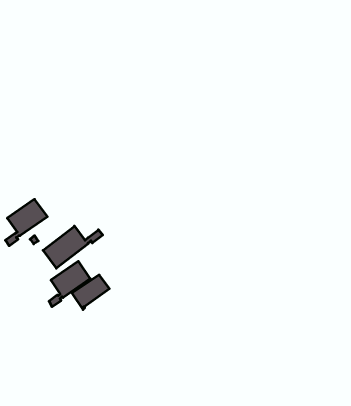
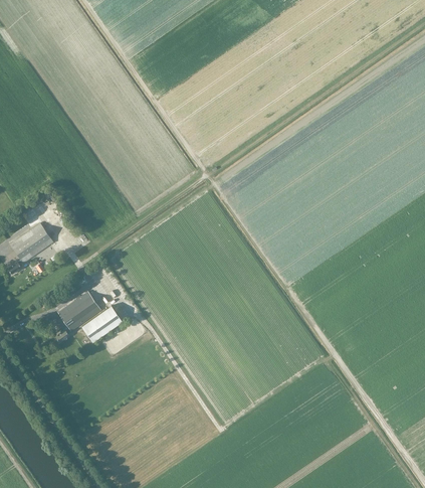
building: [43,226,103,268] -> none

